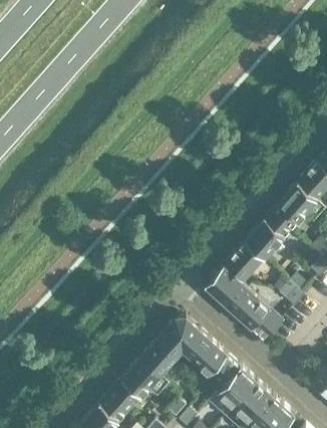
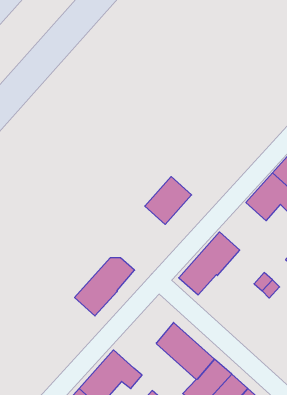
building: [245,212,291,259] -> [145,177,192,224]
building: [224,283,283,341] -> none
building: [140,318,200,376] -> [75,258,135,316]

